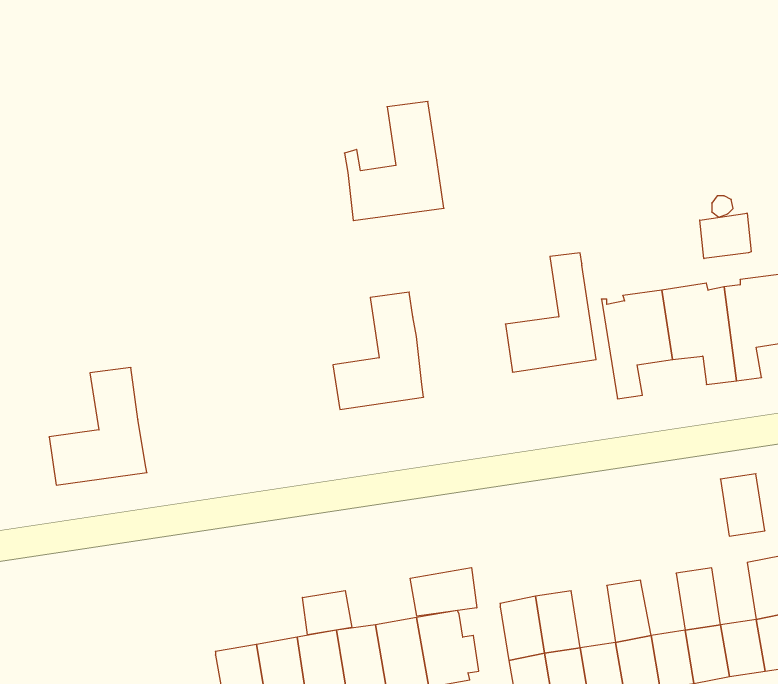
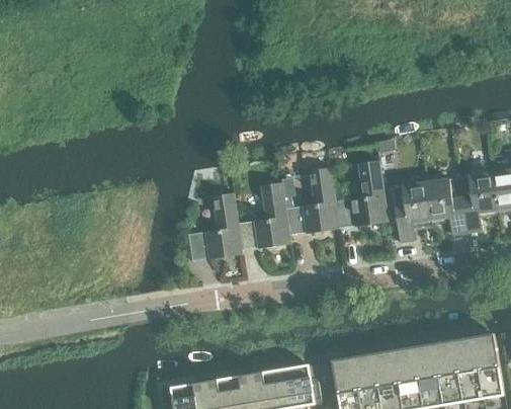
building: [344,101,444,221] -> [283,167,340,235]
building: [700,213,751,259] -> none
building: [49,368,147,485] -> [187,194,243,261]
building: [720,474,765,536] -> [453,336,479,372]
building: [410,568,477,616] -> none
building: none -> [413,342,438,378]
building: none -> [373,349,399,385]
building: [302,591,352,635] -> none

